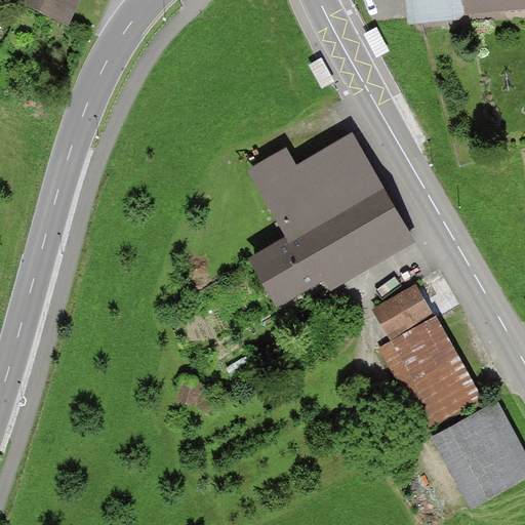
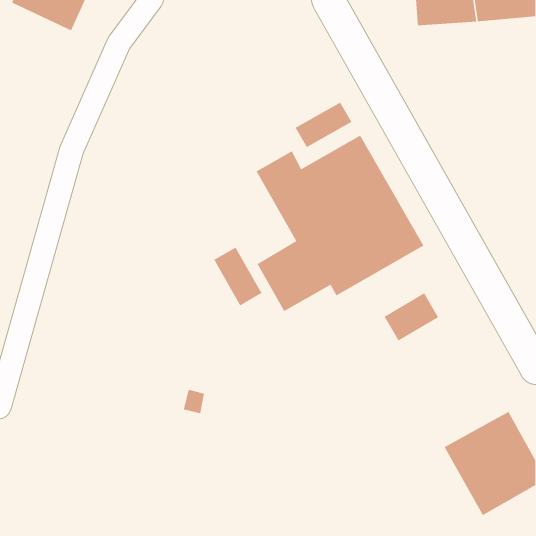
building: none -> [294,101,352,148]
building: none -> [213,246,263,306]
building: [381,315,485,436] -> none

